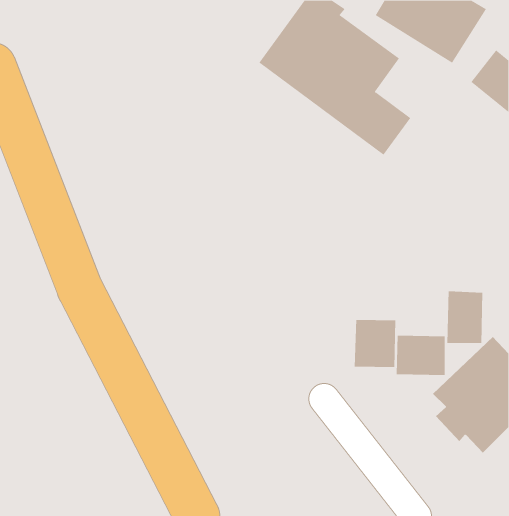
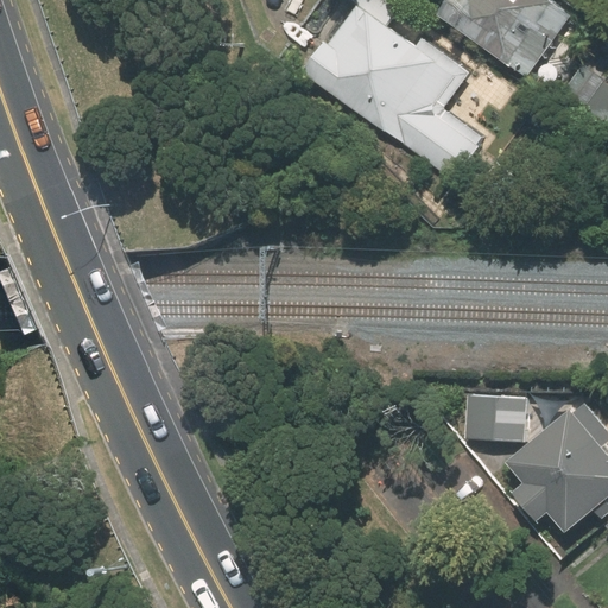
building: [447,290,483,344] -> none
building: [354,319,396,368] -> none

